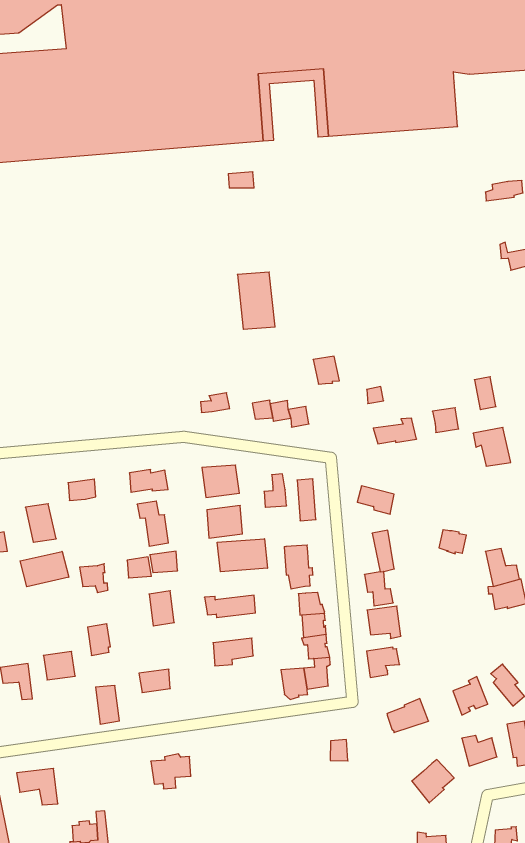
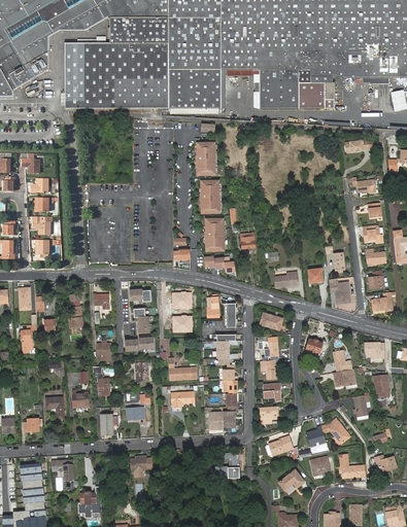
building: none -> [197,144,215,176]
building: none -> [205,218,224,250]
building: [217,539,267,572] -> none
building: [20,551,69,587] -> none

